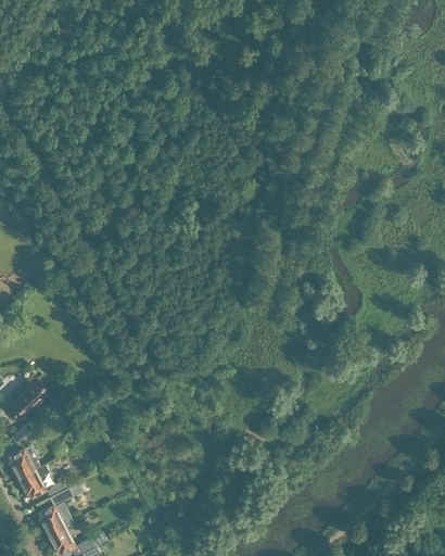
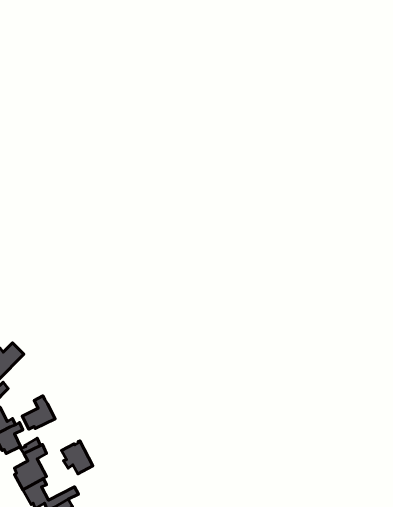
building: none -> [22,396,55,429]
building: none -> [62,441,93,474]

